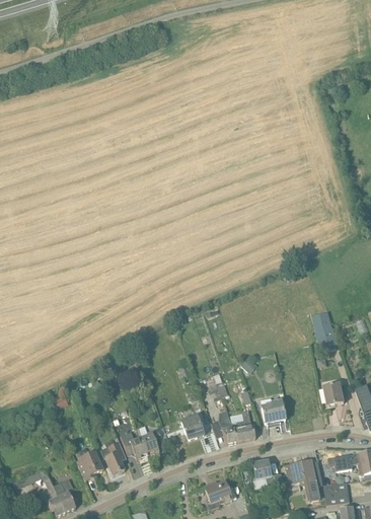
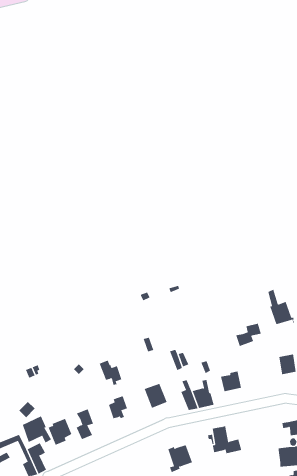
building: none -> [235,323,262,347]
building: [121,430,146,457] -> [99,360,122,385]
building: none -> [22,415,52,443]
building: [282,458,325,501] -> none

